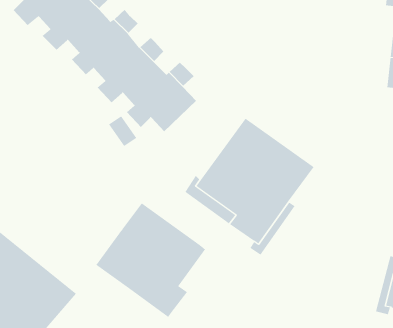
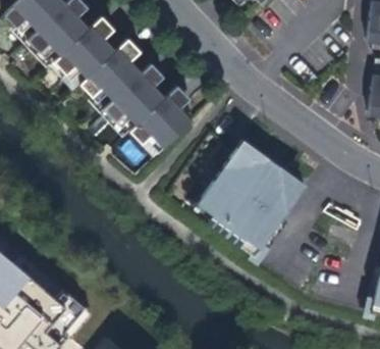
building: [95,202,206,318] -> none

